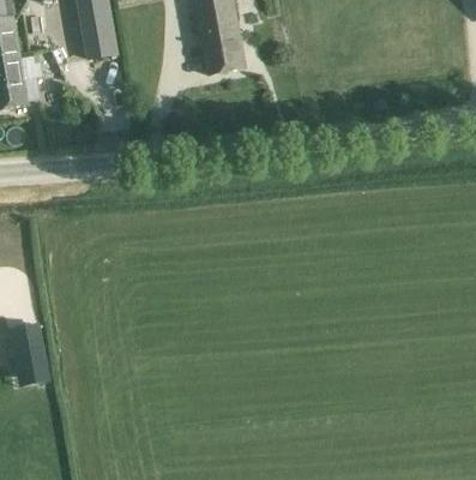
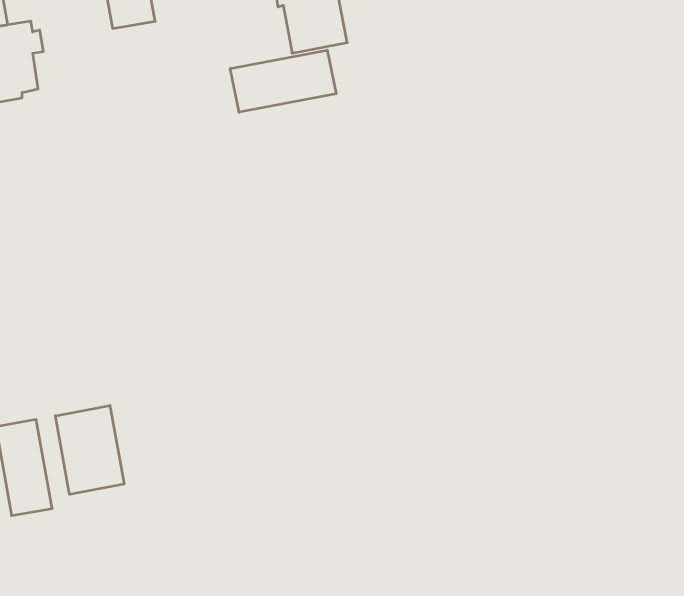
building: none -> [230,50,336,112]
building: none -> [55,405,124,494]

